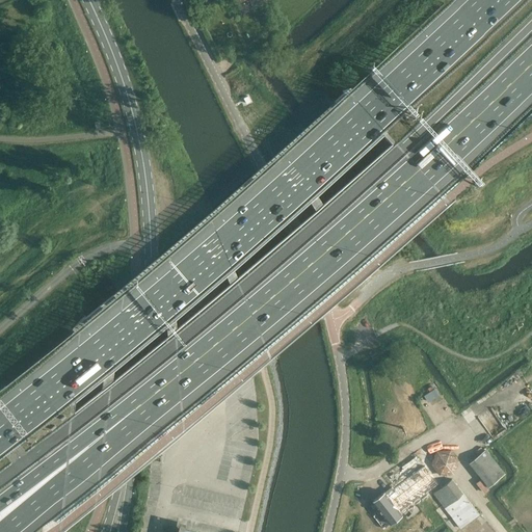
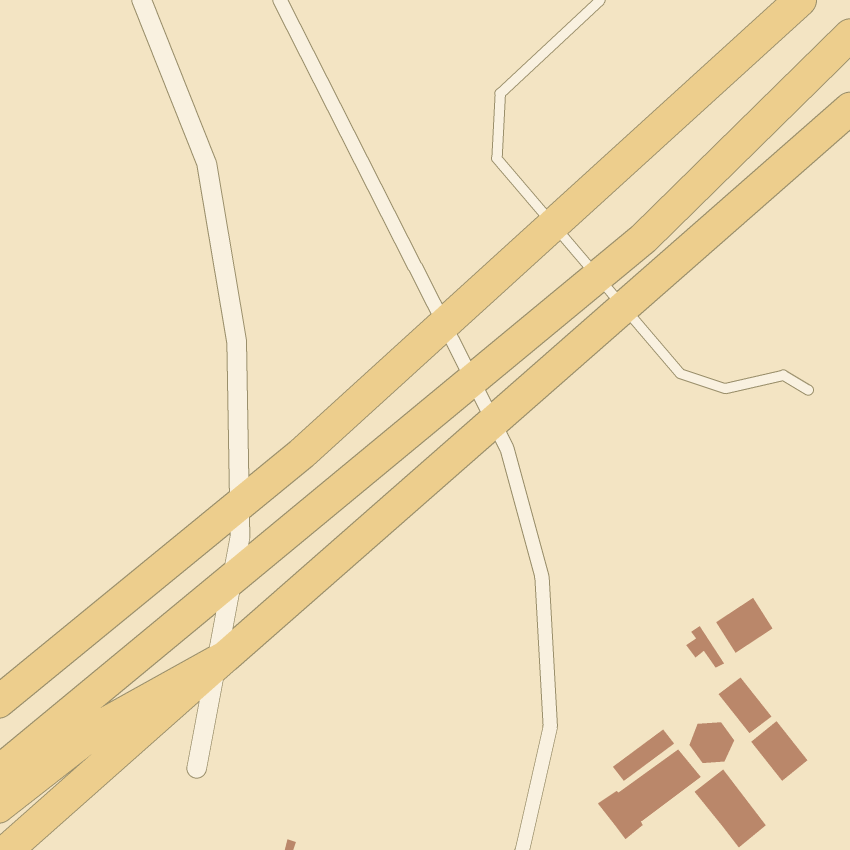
building: none -> [715,597,774,654]
building: none -> [718,676,772,734]

